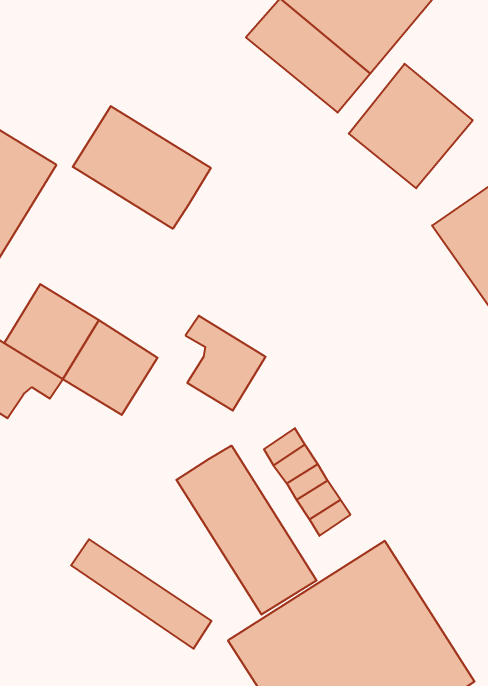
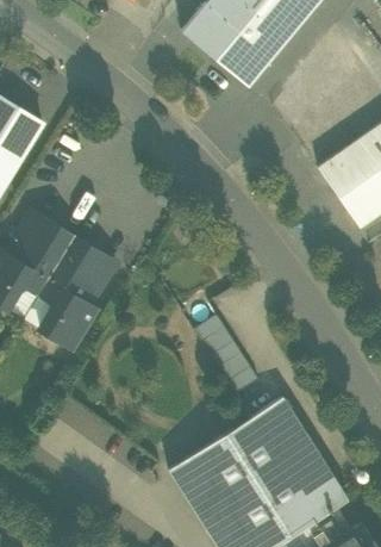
building: [349,64,473,188] -> none
building: [73,106,211,229] -> none
building: [186,316,266,411] -> [39,279,98,348]
building: [176,446,317,615] -> none

